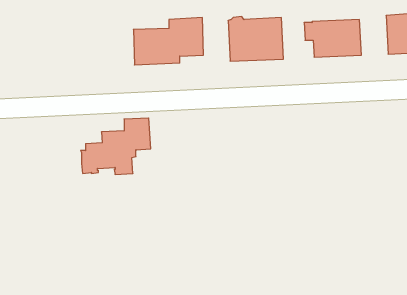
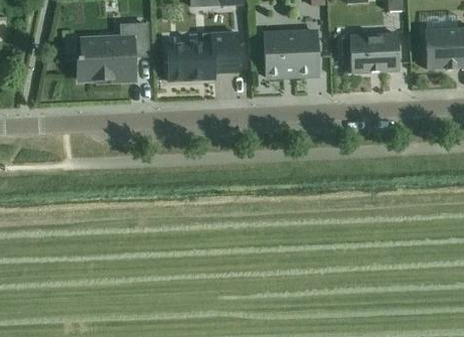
building: [81,118,151,174] -> [78,23,149,80]

